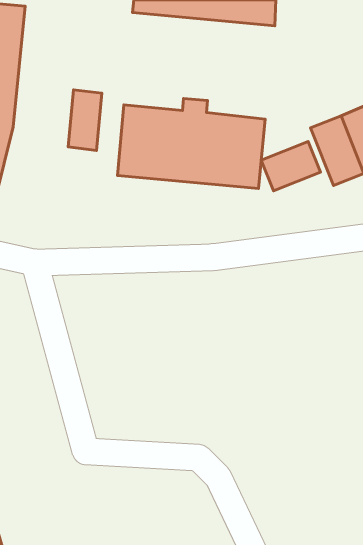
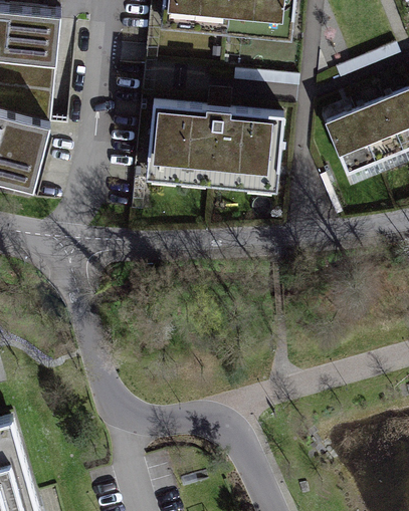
building: [68,90,102,150] -> none
building: [261,142,320,191] -> none

